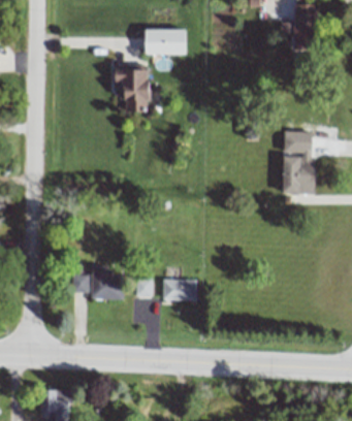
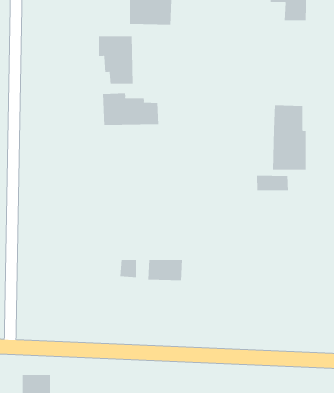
building: none -> [102,92,159,126]
building: none -> [257,175,288,191]
building: [71,265,125,299] -> none

